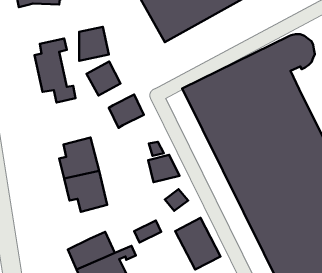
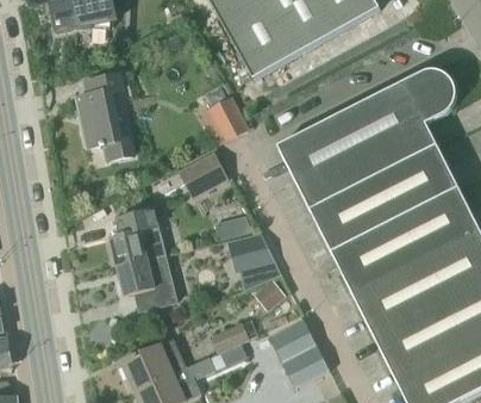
building: [79,27,109,61] -> none
building: [86,61,120,96] -> [201,97,248,143]

